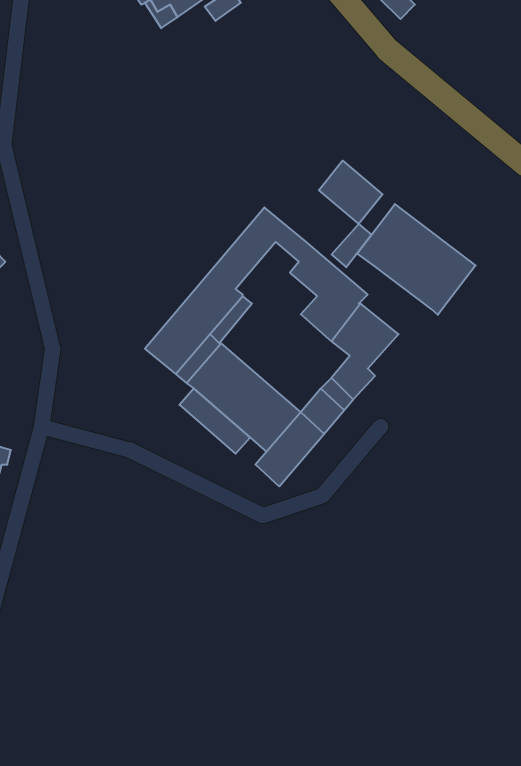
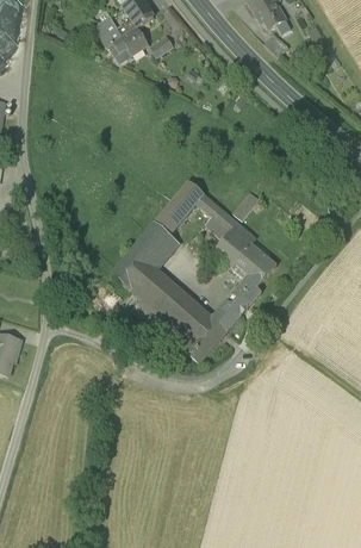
building: [319,161,383,224] -> none
building: [357,204,476,315] -> none

